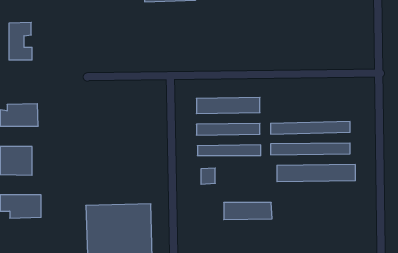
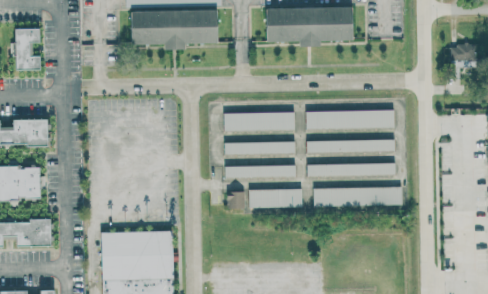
building: none -> [265,7,352,47]
building: none -> [130,9,218,50]
building: none -> [307,110,396,129]
building: [224,203,272,220] -> [250,189,304,208]

